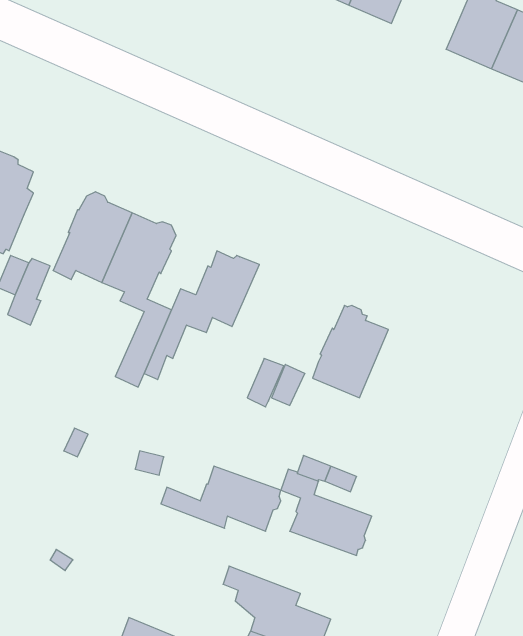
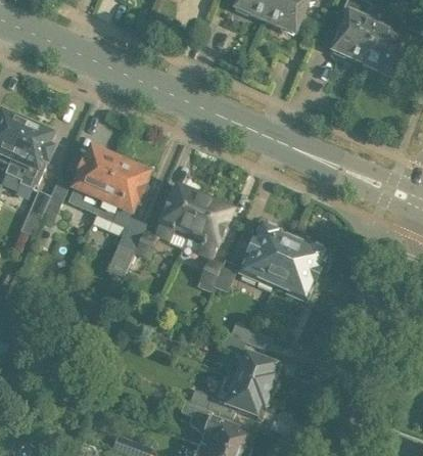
building: none -> [187,194,232,255]
building: none -> [273,238,326,299]
building: [161,466,281,531] -> [190,374,271,418]

